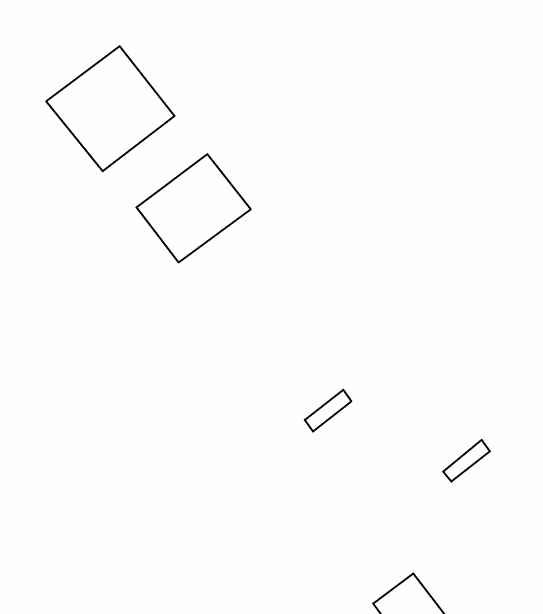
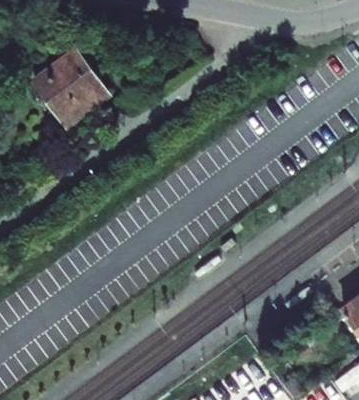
building: [136,154,251,262] -> none

